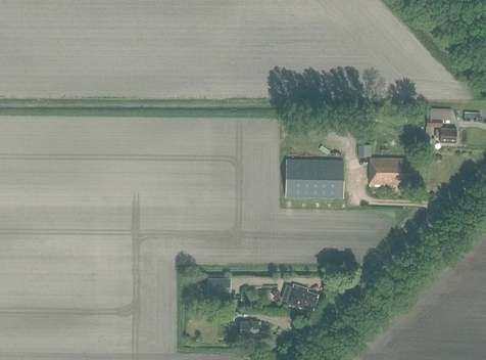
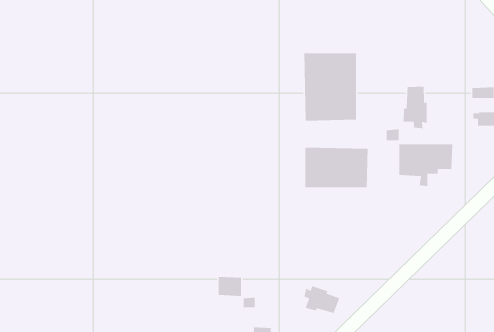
building: none -> [303,53,357,121]
building: none -> [403,86,428,129]

